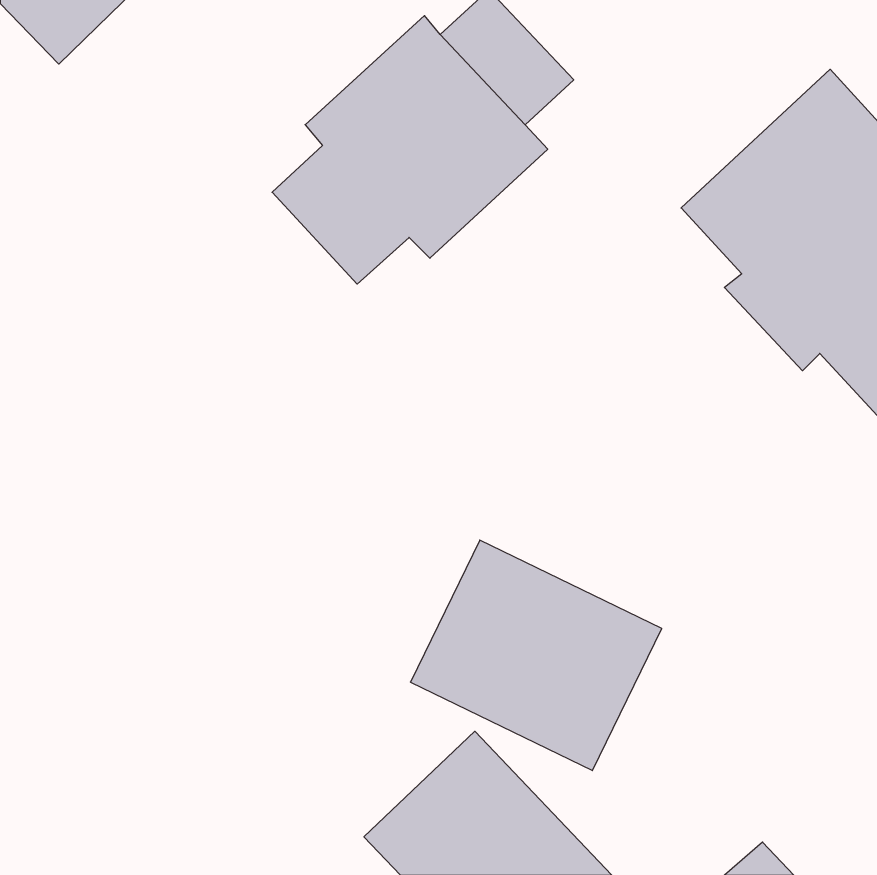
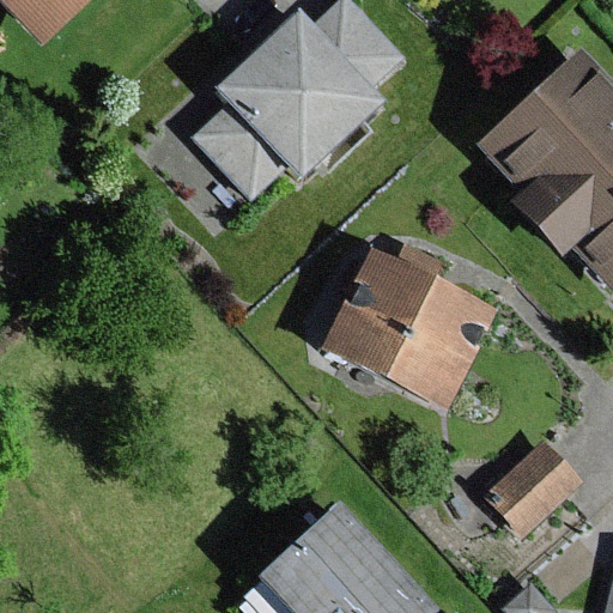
building: [410,540,662,771] -> [323,249,497,408]
building: none -> [488,437,585,532]

